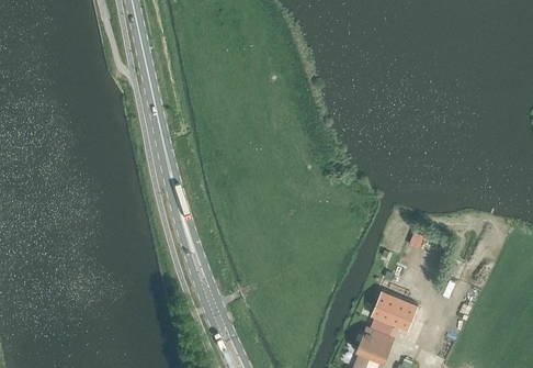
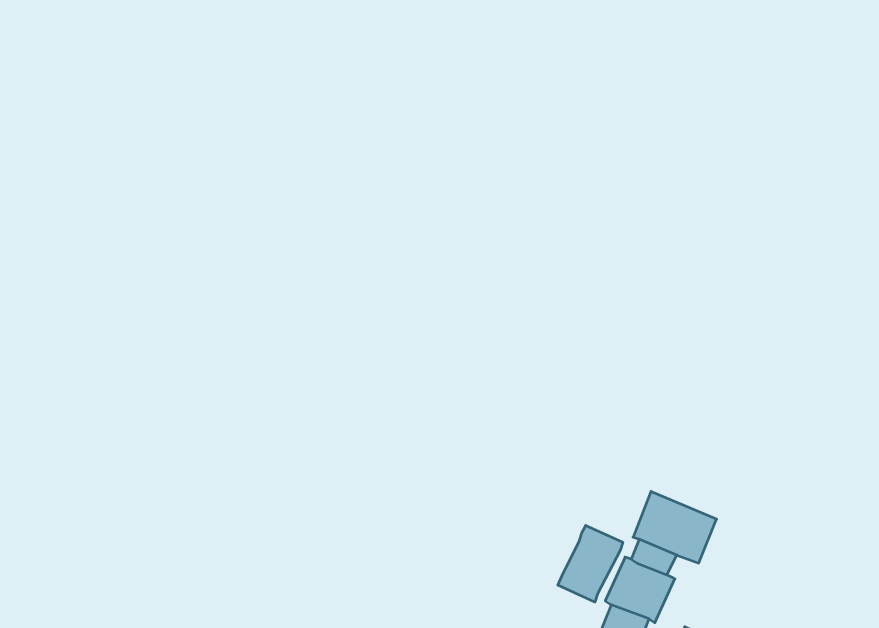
building: none -> [558,525,623,602]

